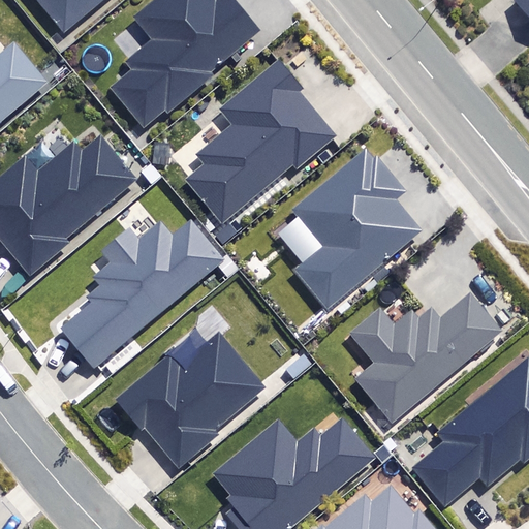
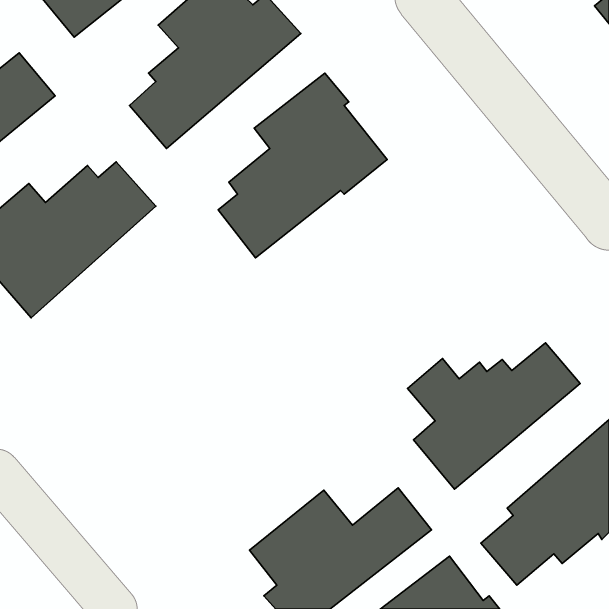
building: [295,150,419,308] -> none
building: [62,222,223,367] -> none
building: [118,335,262,464] -> none

